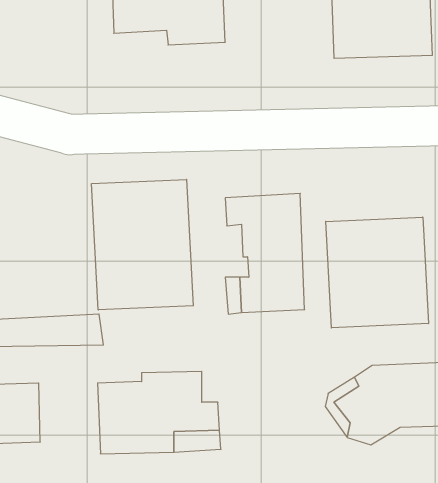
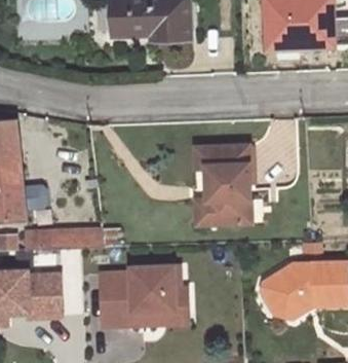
building: [92,179,193,310] -> none
building: [326,217,428,328] -> none

